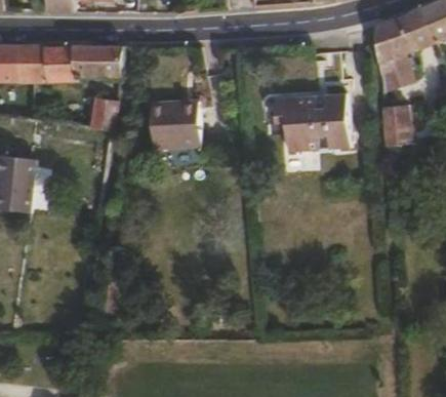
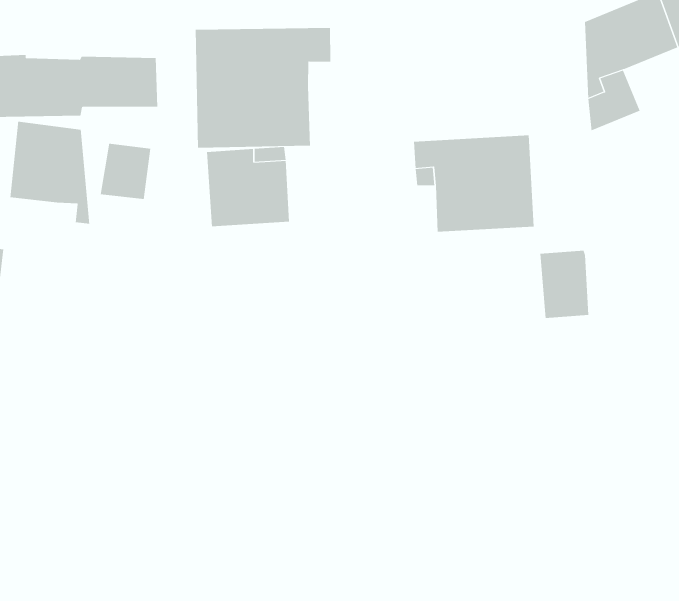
building: none -> [195,27,331,148]
building: none -> [10,121,90,224]
building: [381,105,411,146] -> [540,250,589,319]

